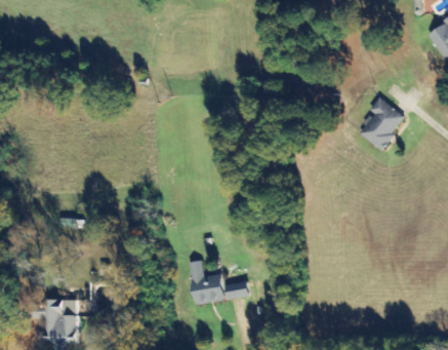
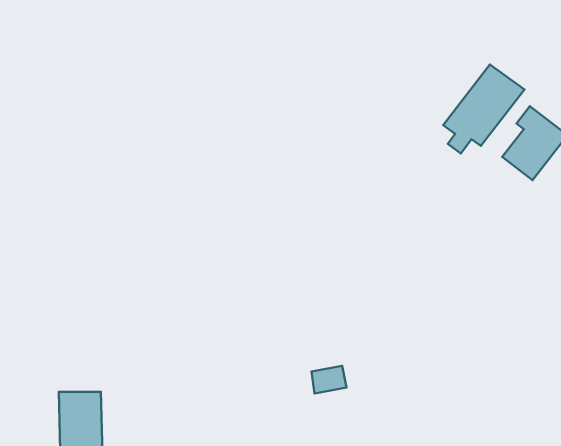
building: none -> [443,65,525,153]
building: [188,260,225,304] -> none

